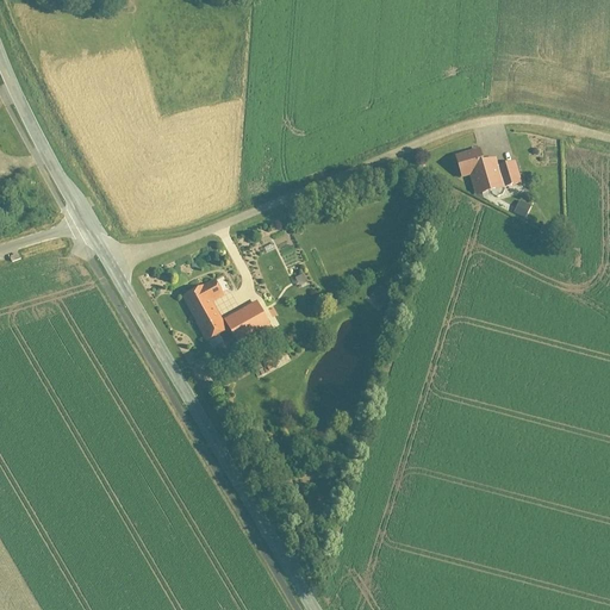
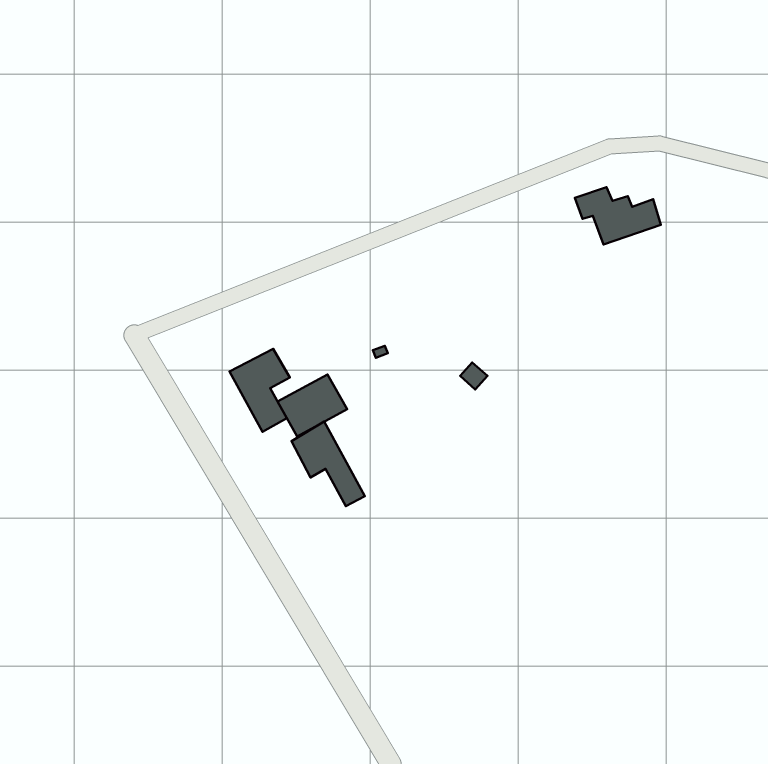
building: none -> [291,422,365,506]

